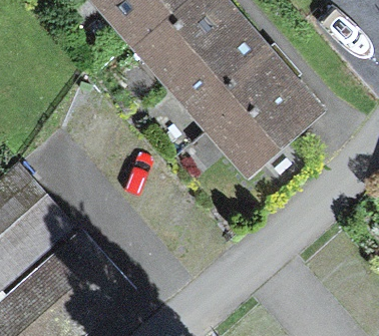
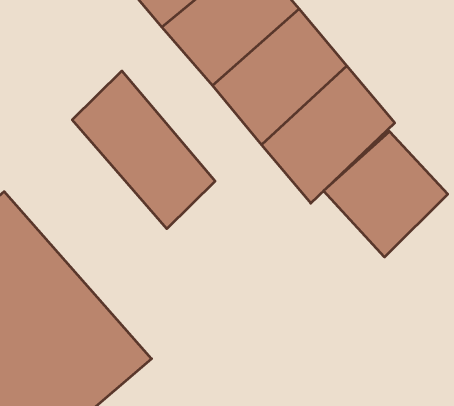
building: none -> [72,71,215,229]
building: none -> [324,131,448,257]

